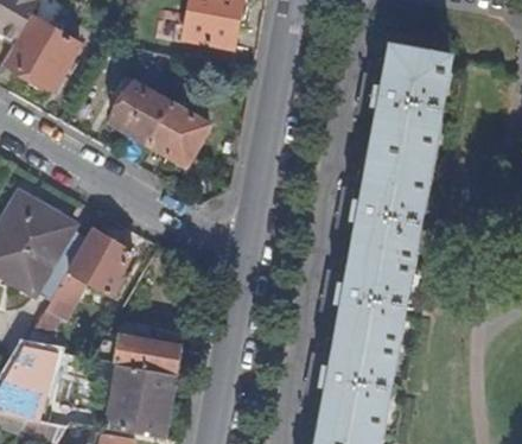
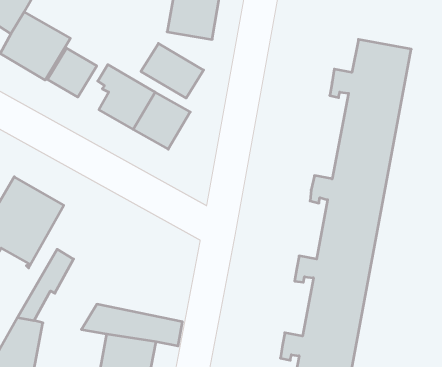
building: none -> [141,43,204,98]
building: none -> [48,48,97,97]
building: [70,230,133,297] -> none

